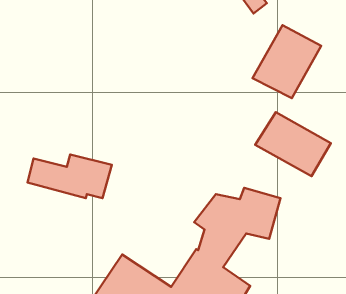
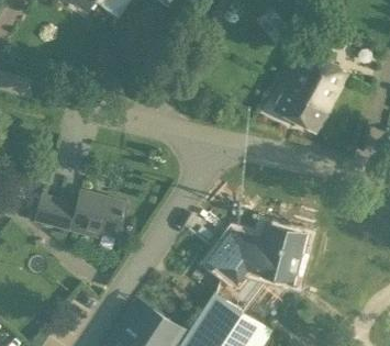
building: [255,112,331,176] -> none

